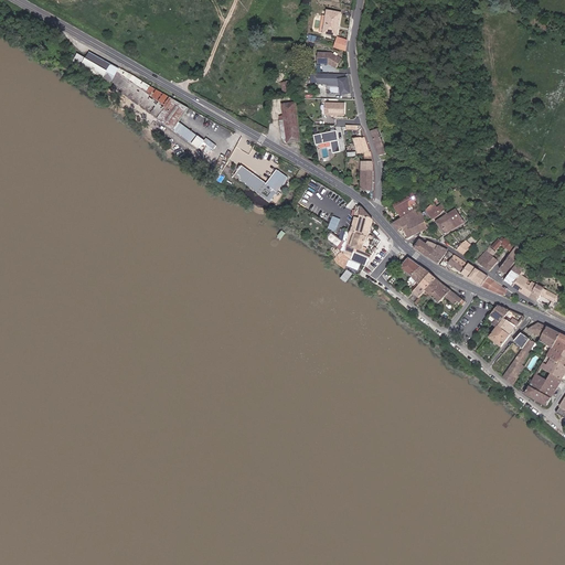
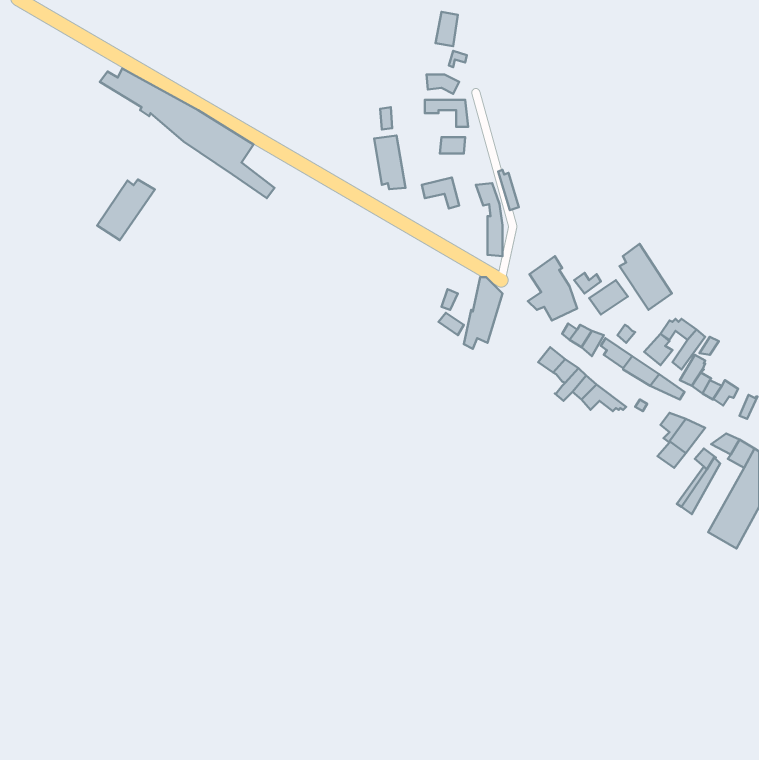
building: none -> [97,180,155,240]
building: [234,164,286,205] -> none
building: none -> [619,244,672,310]

